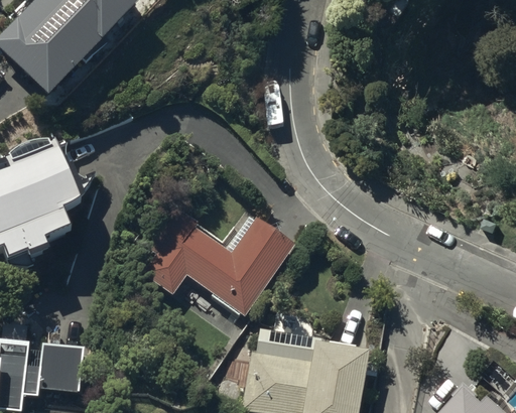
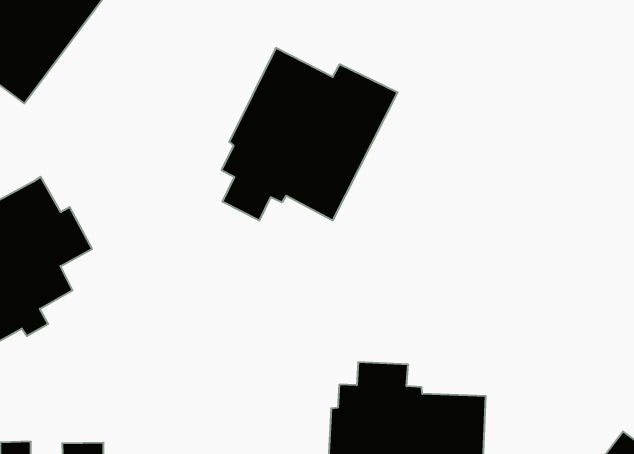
building: none -> [222,48,397,221]
building: [140,204,293,314] -> none

